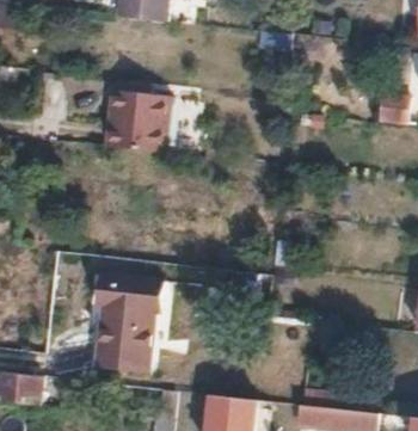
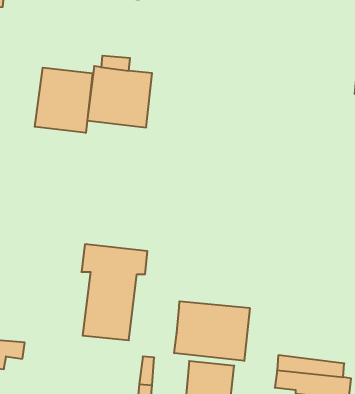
building: none -> [35,68,92,133]
building: none -> [174,301,250,361]

